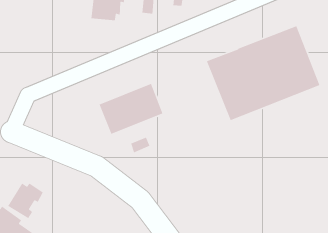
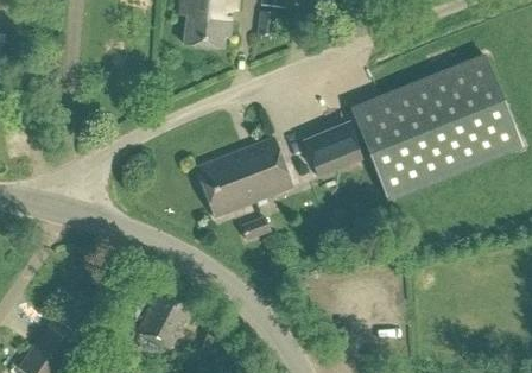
building: none -> [304,122,365,178]
building: [7,182,44,219] -> [138,293,191,347]

